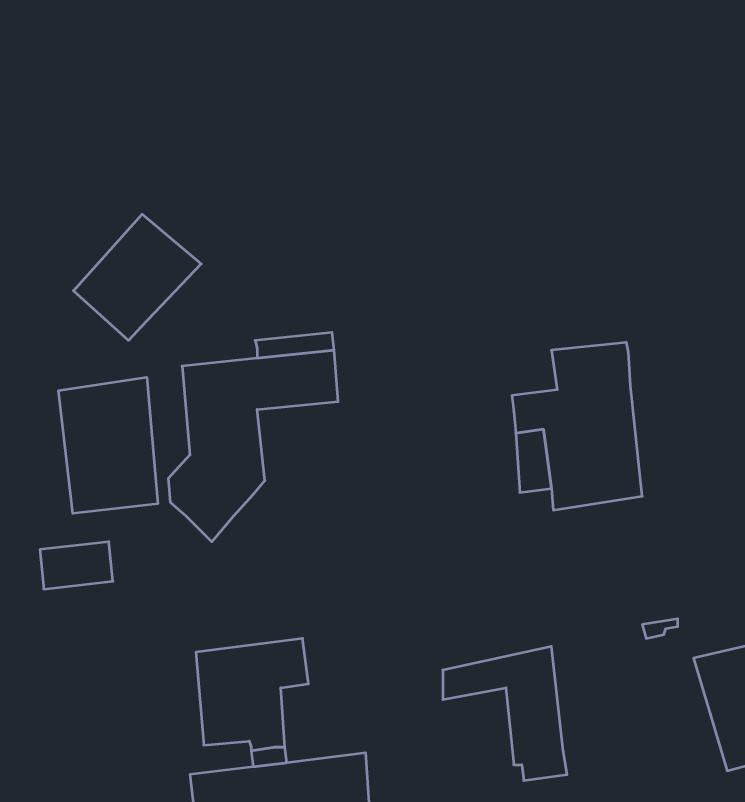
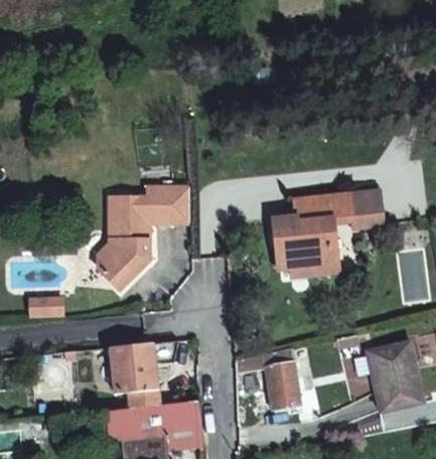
building: [73,214,201,340] -> none
building: none -> [330,186,385,230]
building: [59,377,158,513] -> none

